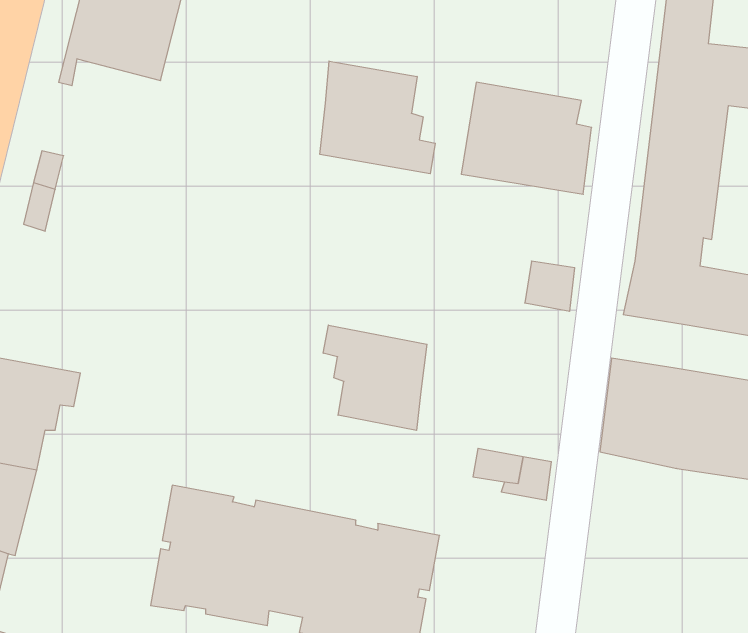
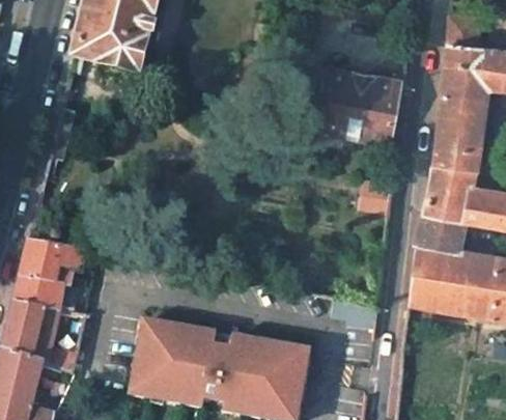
building: [320,61,435,174] -> none
building: none -> [416,214,461,247]
building: [323,325,427,430] -> none

